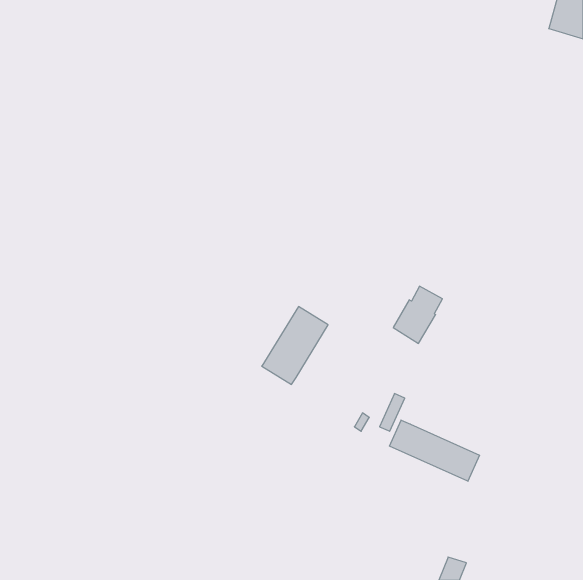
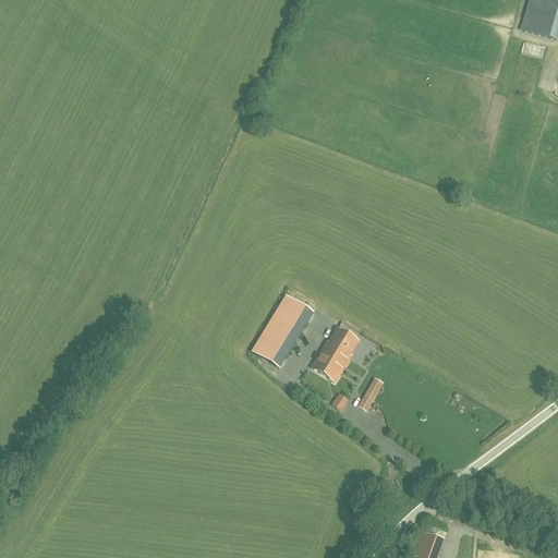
building: [393,286,442,343] -> [311,326,357,380]
building: [389,420,480,481] -> none

